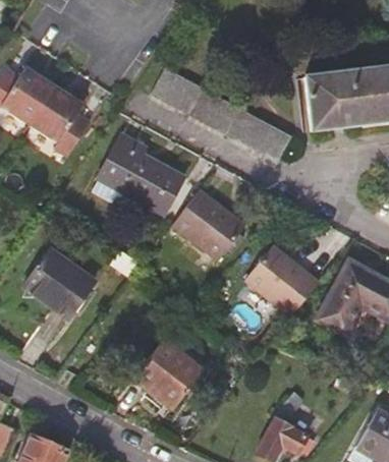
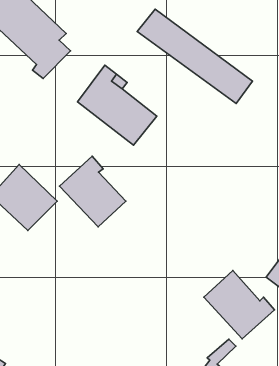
building: [173,186,243,257] -> [60,156,126,227]
building: [249,246,324,314] -> [204,271,274,339]
building: [136,334,208,405] -> none

